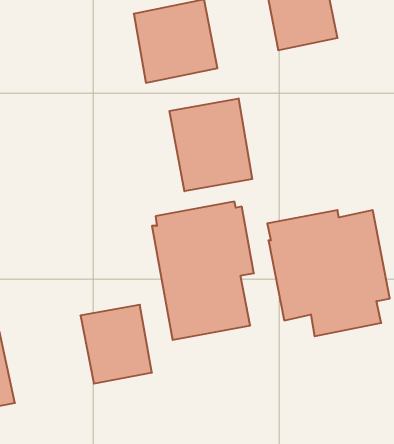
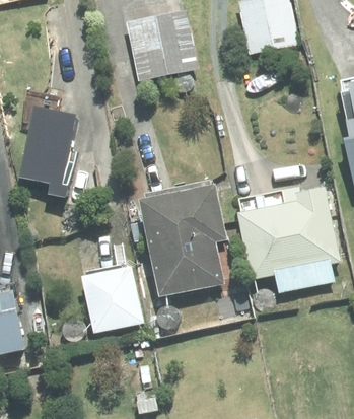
building: [169,98,252,191] -> none
building: none -> [19,107,77,198]

